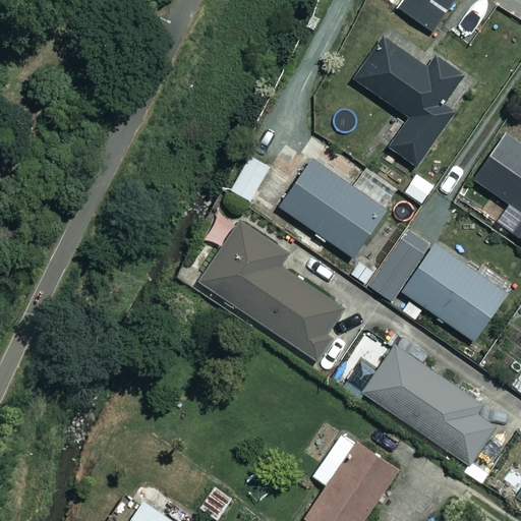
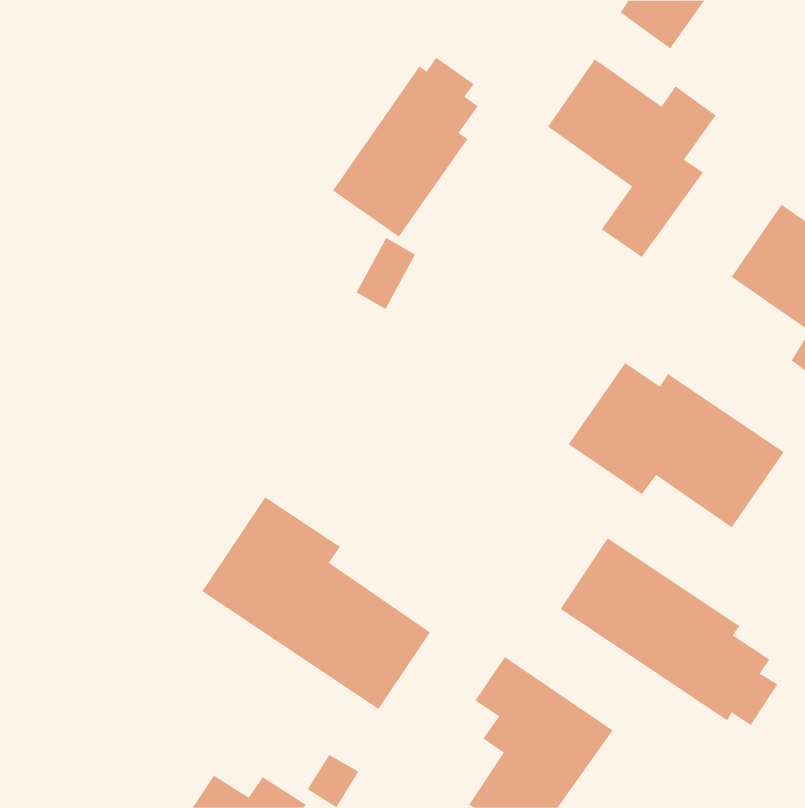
building: none -> [332,57,479,238]
building: [278,159,385,257] -> none
building: [198,220,346,357] -> [202,496,431,710]

